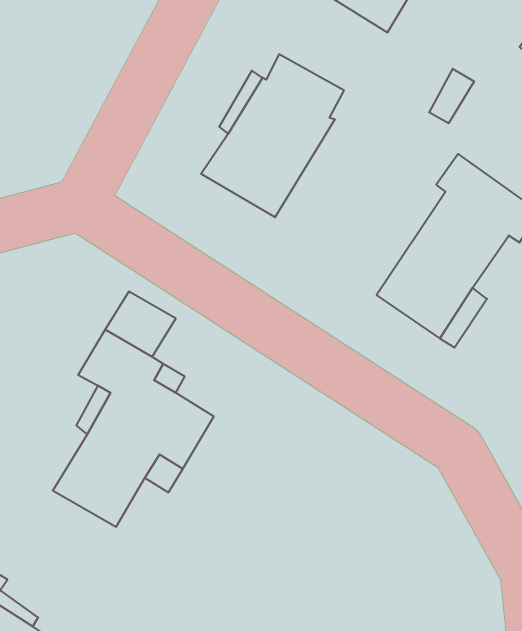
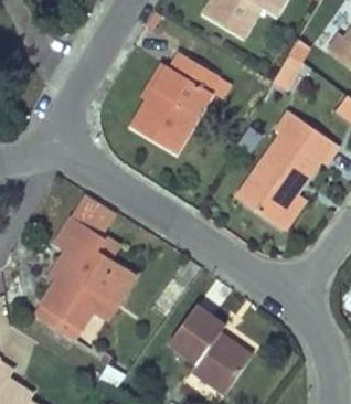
building: none -> [170,302,254,390]

